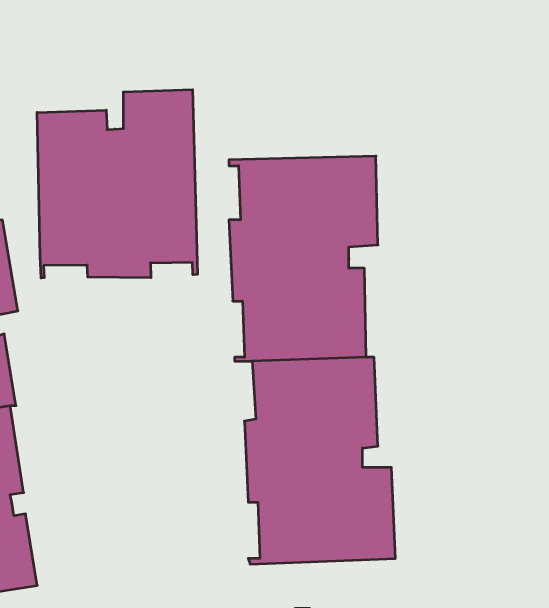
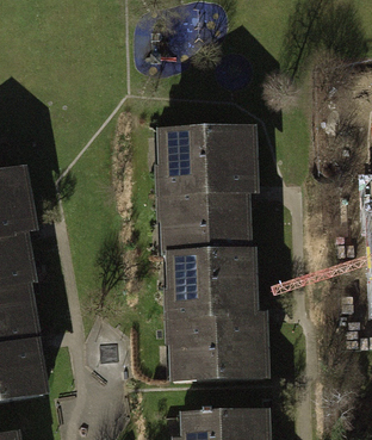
building: [37,90,197,278] -> none

